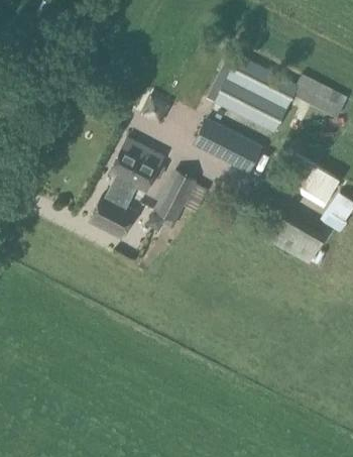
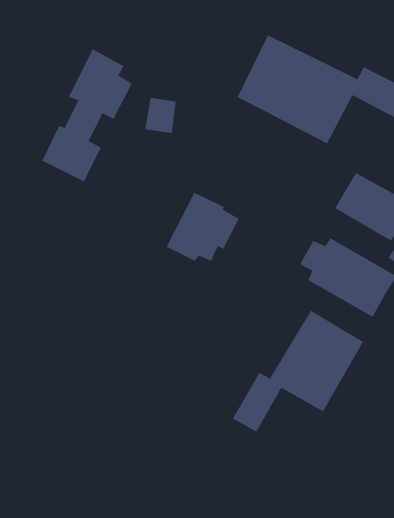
building: [194,118,263,173] -> none
building: [91,137,159,238] -> [42,49,132,182]
building: none -> [232,310,364,433]

